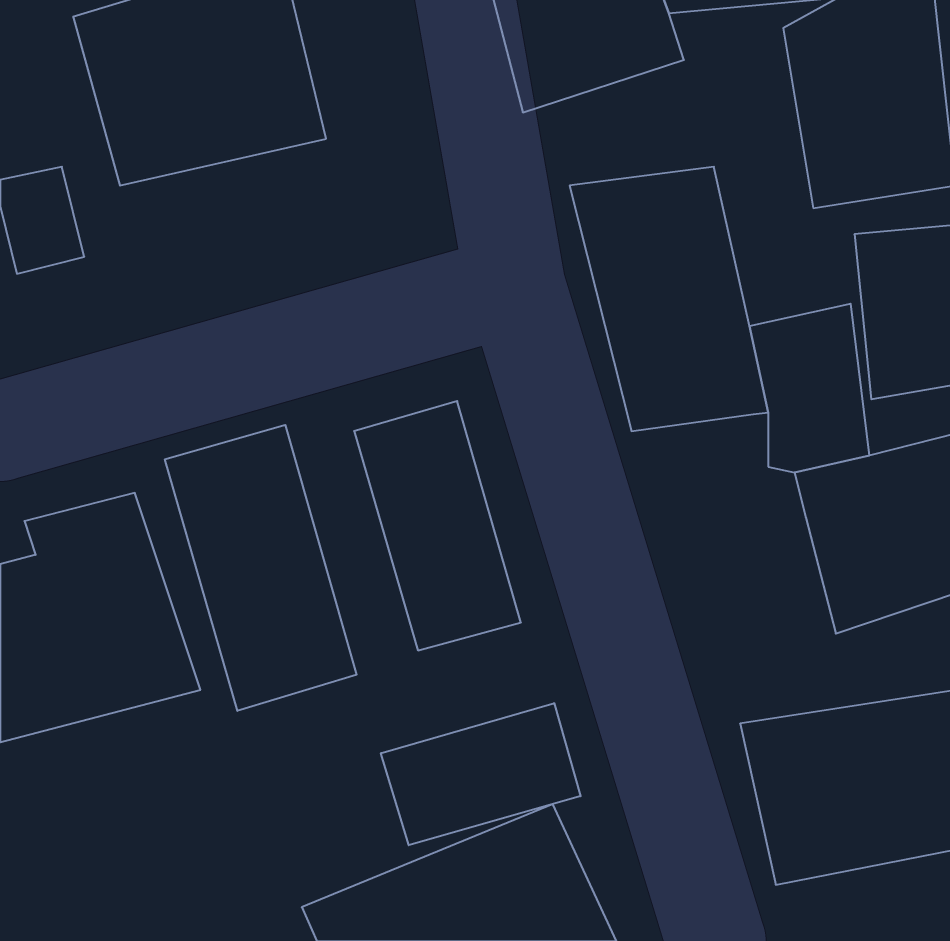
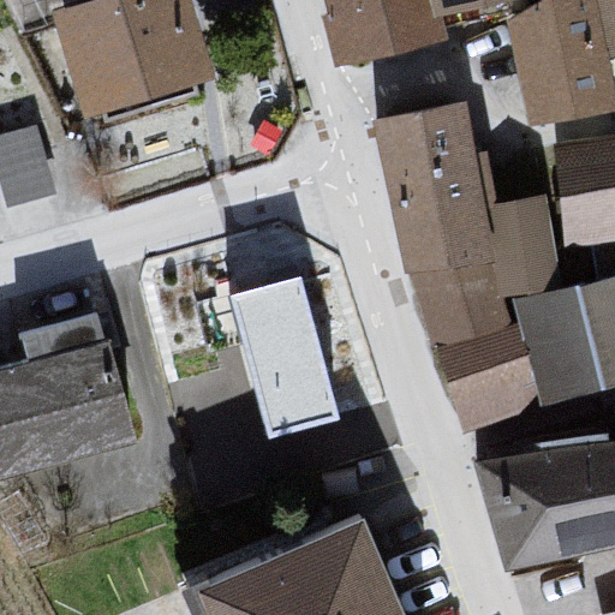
building: none -> [410,265,541,438]
building: [165,425,357,711] -> none
building: [381,703,581,845] -> none

